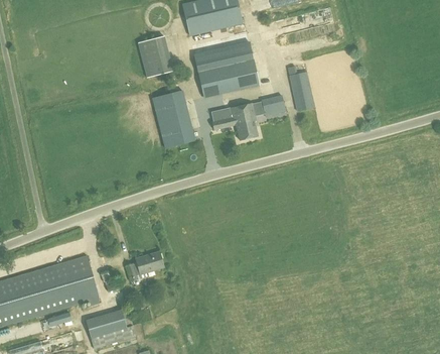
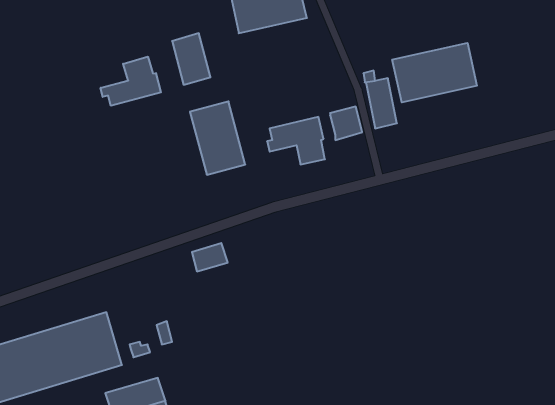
building: [191,32,259,96] -> none
building: none -> [392,43,477,102]
building: none -> [101,57,161,106]
building: [135,251,163,273] -> [192,243,228,271]

